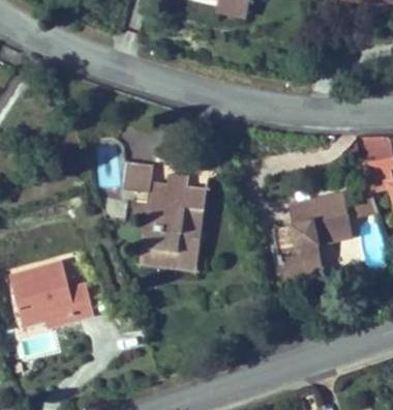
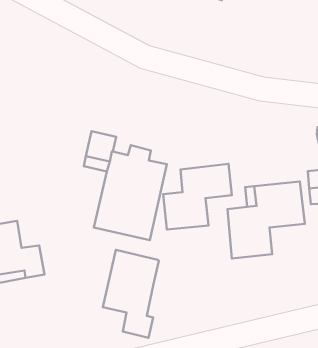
building: none -> [163,164,232,229]
building: none -> [103,250,159,338]

